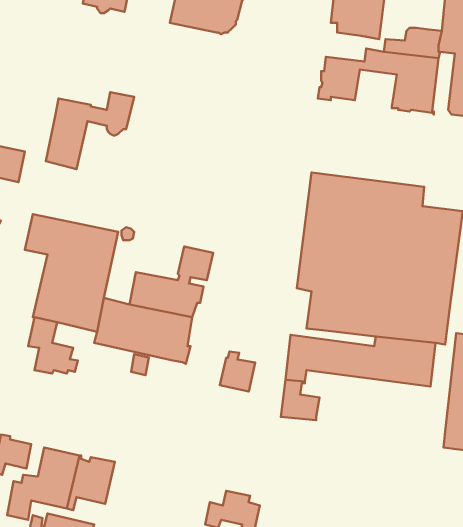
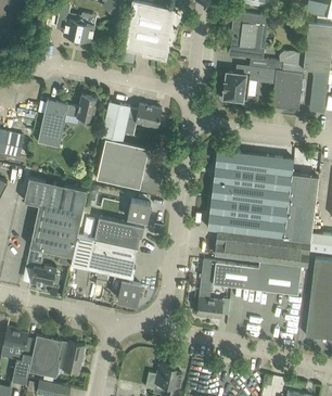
building: none -> [97,102,162,189]
building: [220,351,255,392] -> [117,278,141,305]

